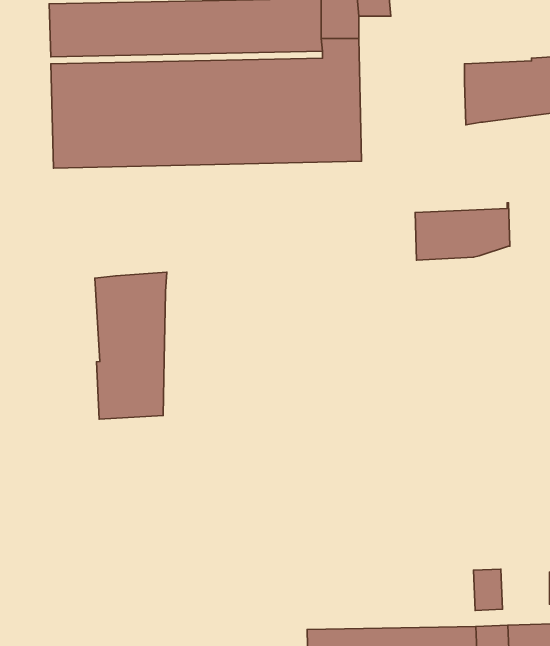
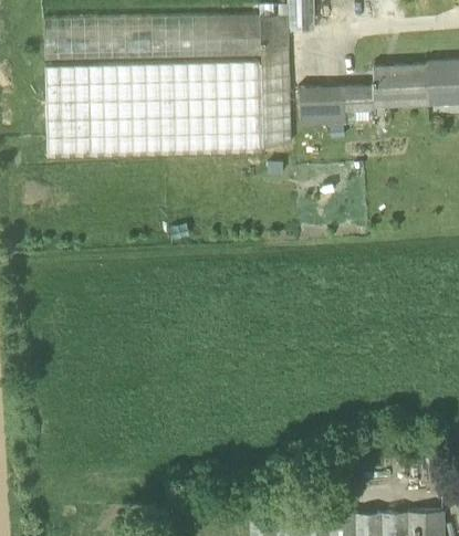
building: [415,203,510,260] -> [299,81,374,126]
building: [95,272,167,419] -> none
building: [473,569,503,610] -> none

